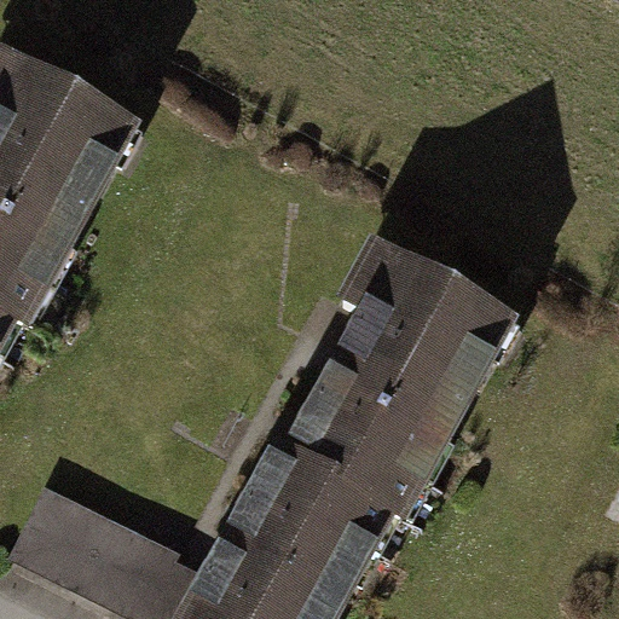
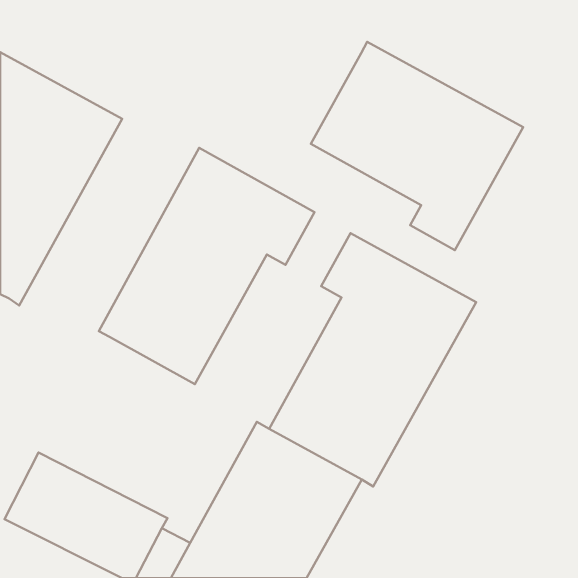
building: none -> [311,42,523,250]
building: none -> [99,148,315,384]

